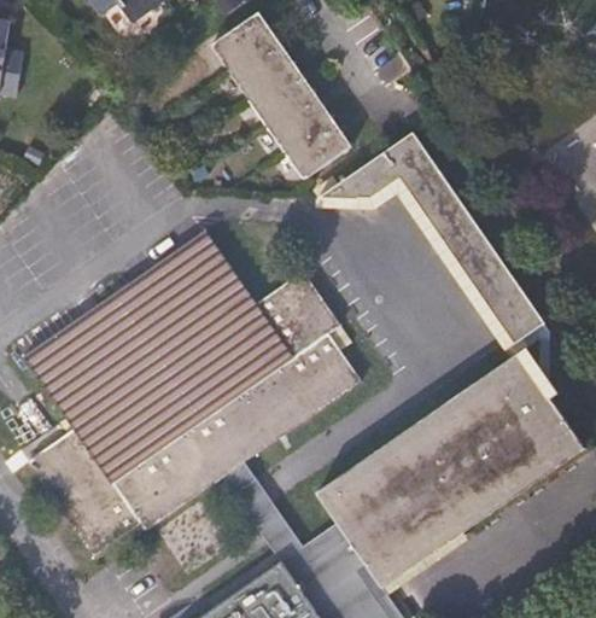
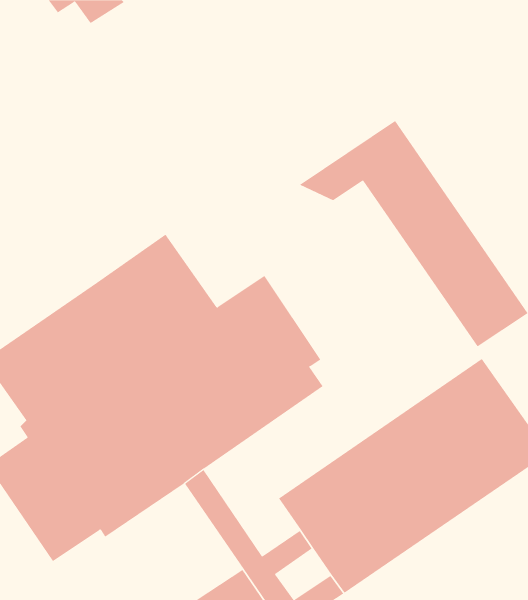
building: [209,13,350,181] -> none

